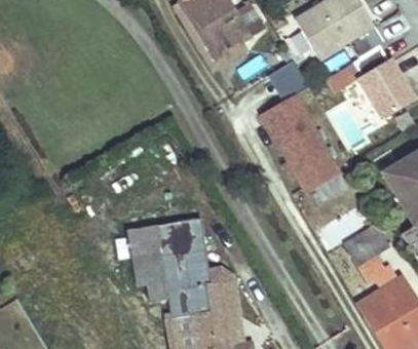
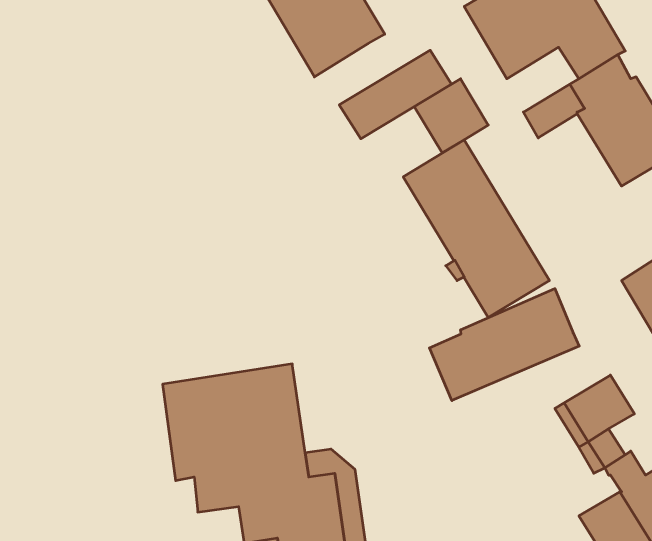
building: none -> [339,50,452,139]
building: none -> [429,289,579,401]

